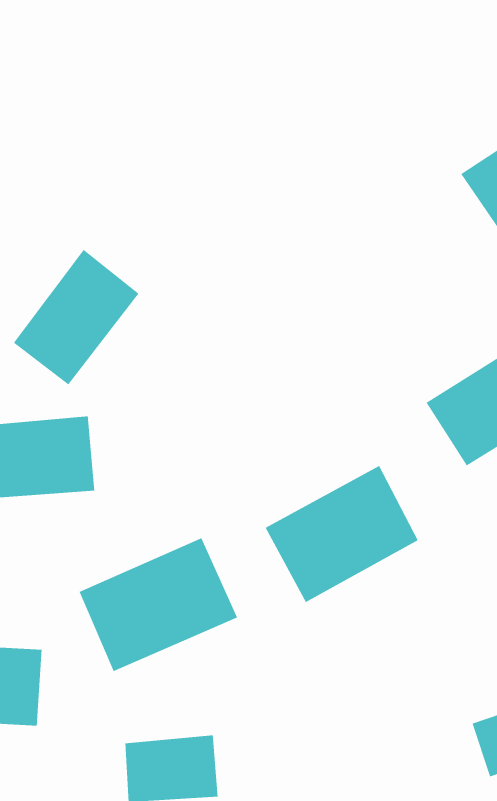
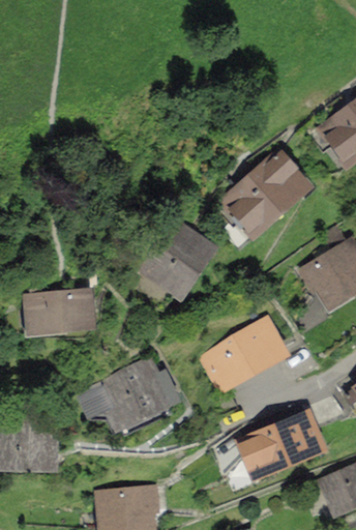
building: none -> [219,149,316,241]
building: [13,249,139,385] -> [138,211,217,297]
building: none -> [248,408,326,469]

